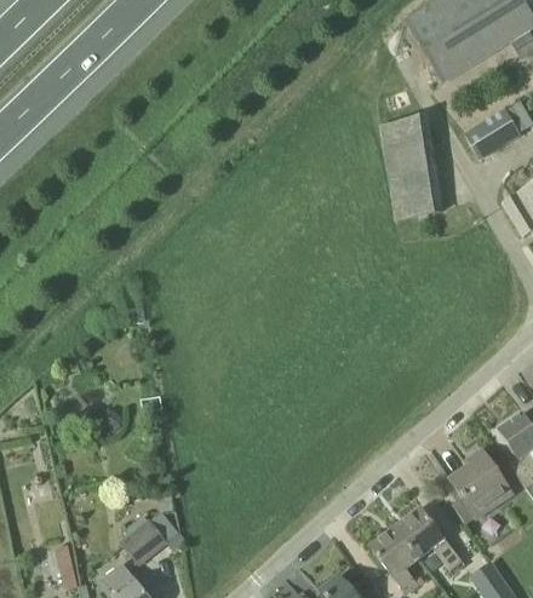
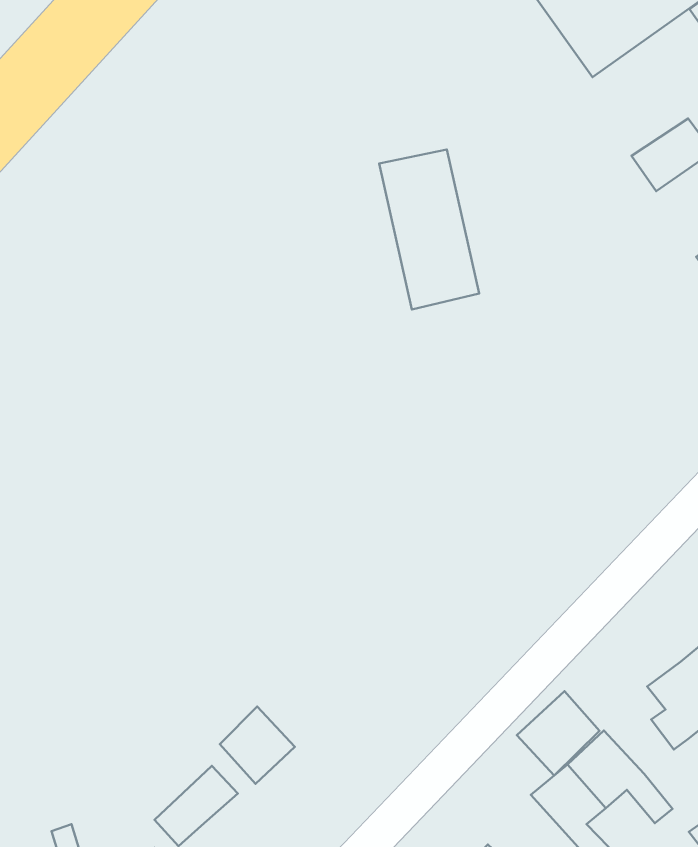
building: [382,113,441,215] -> [379,149,479,309]
building: none -> [220,706,295,784]
building: none -> [517,691,600,776]

